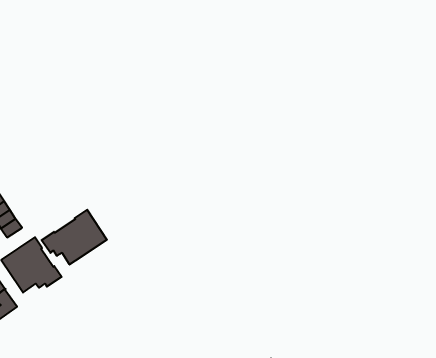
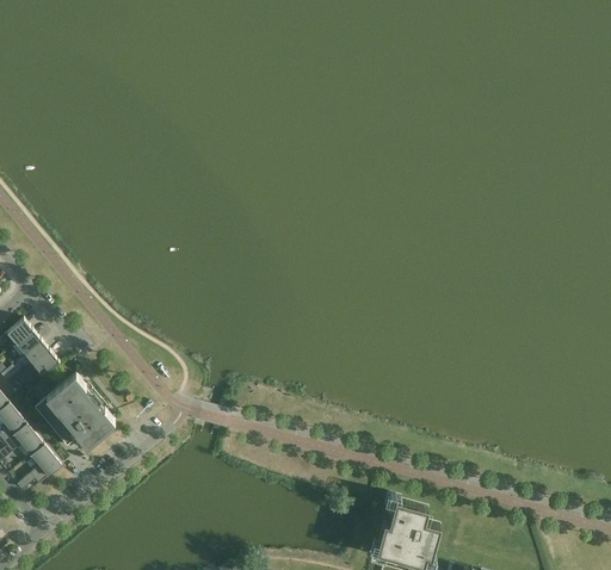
building: [42,210,107,265] -> none

